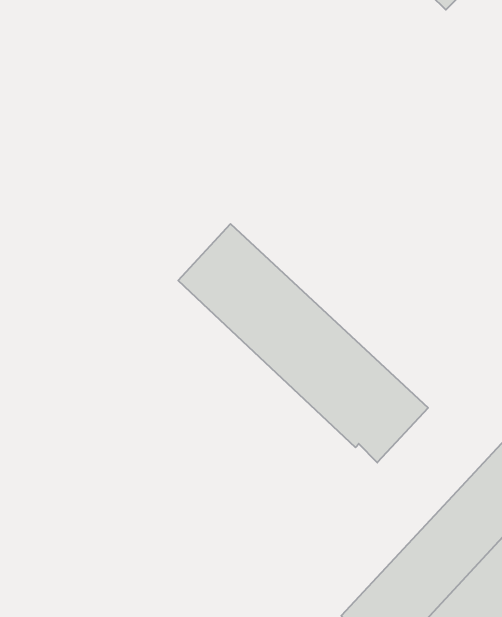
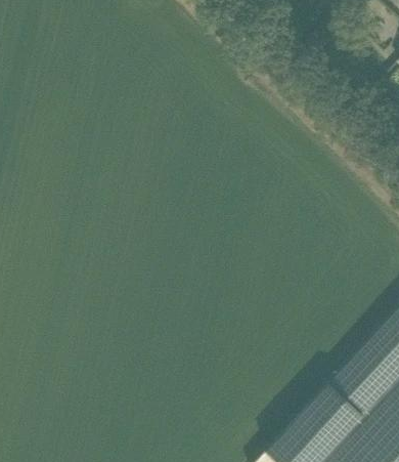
building: [178,224,428,463] -> none

